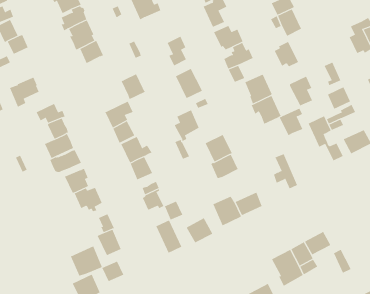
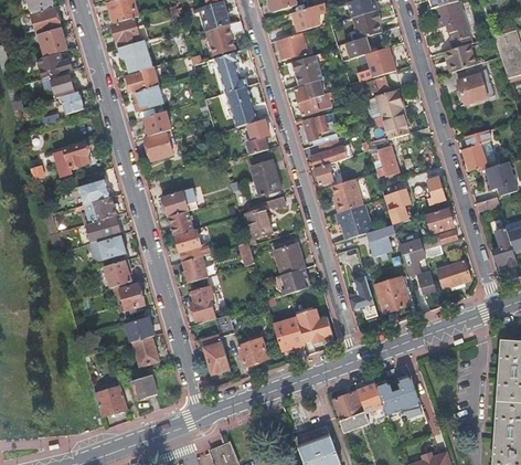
building: none -> [224,85,256,126]
building: [121,73,146,100] -> [145,130,172,160]
building: none -> [371,264,408,311]
building: [70,246,102,276] -> none

